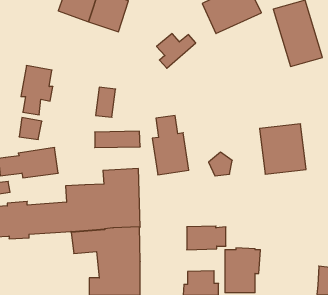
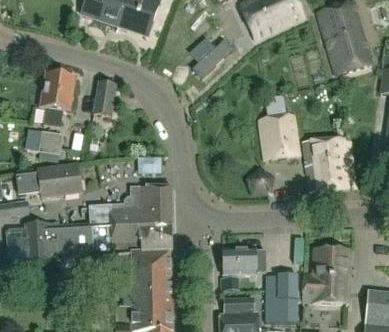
building: [96,87,116,117] -> [94,82,116,115]
building: [152,116,189,175] -> [261,94,301,159]
building: none -> [302,249,349,302]

